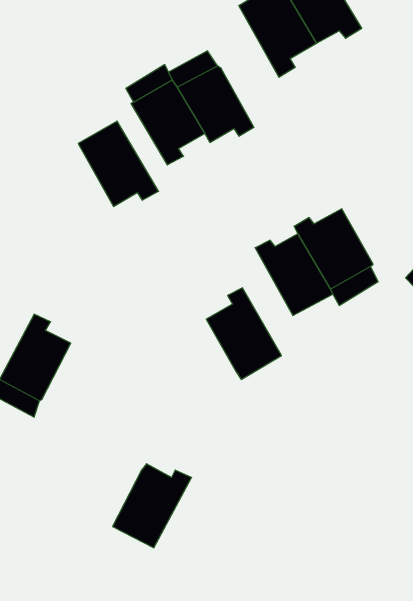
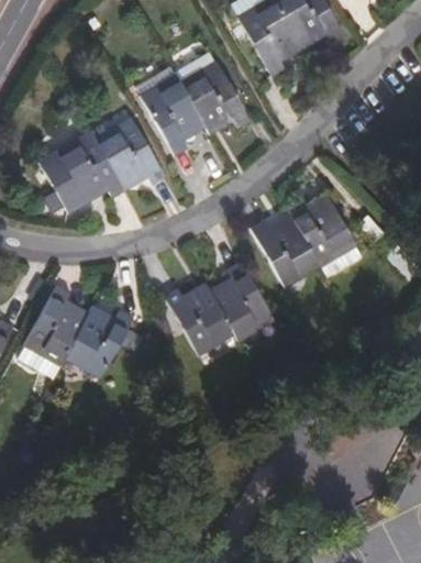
building: none -> [36,130,126,213]
building: none -> [164,283,234,356]
building: [113,464,192,548] -> [64,305,133,378]

